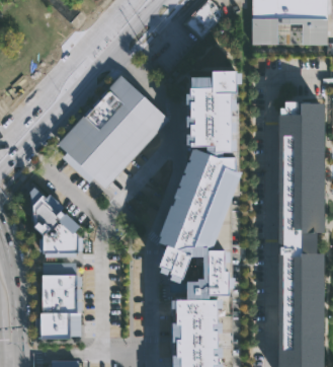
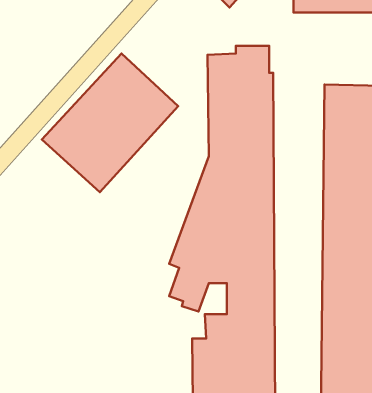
building: [32,188,83,258] -> none
building: [39,263,82,339] -> none

